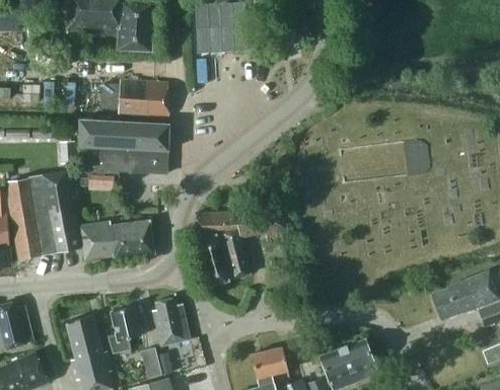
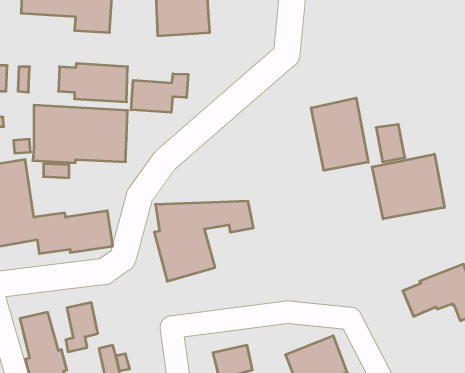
building: none -> [131,74,188,112]
building: none -> [311,98,368,170]
building: none -> [372,154,444,219]
building: [152,298,189,346] -> none

